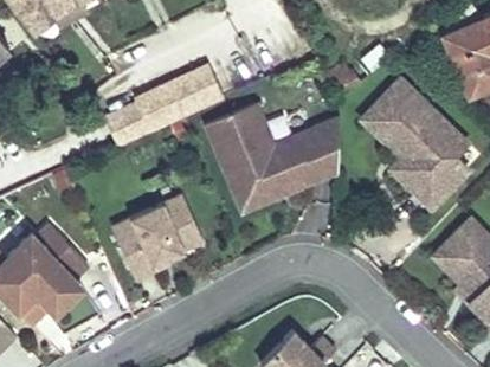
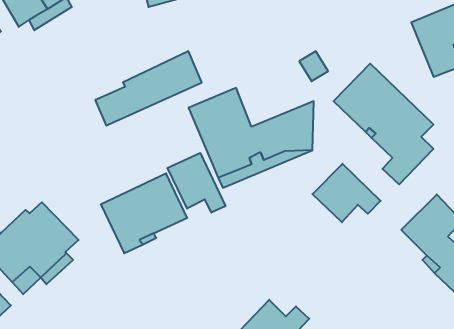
building: none -> [167,153,225,213]
building: none -> [312,164,381,222]

